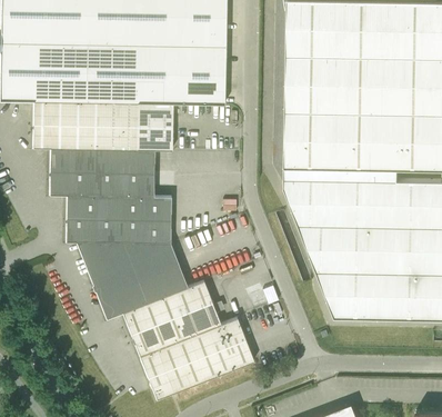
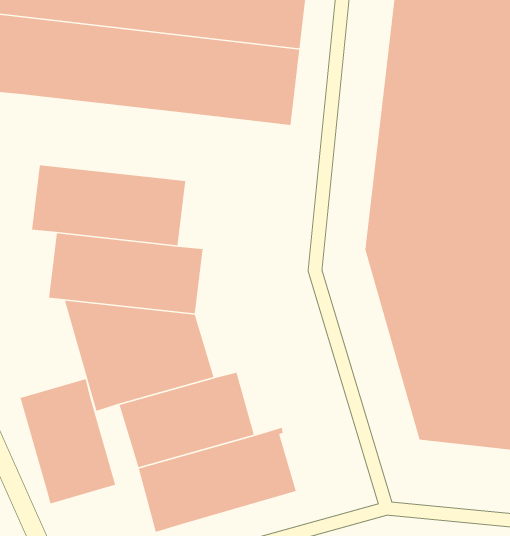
building: [33,101,172,150] -> none
building: none -> [20,378,116,505]

